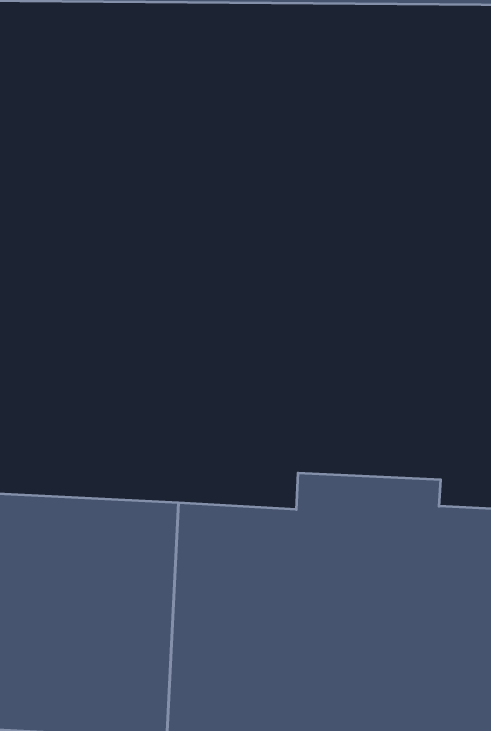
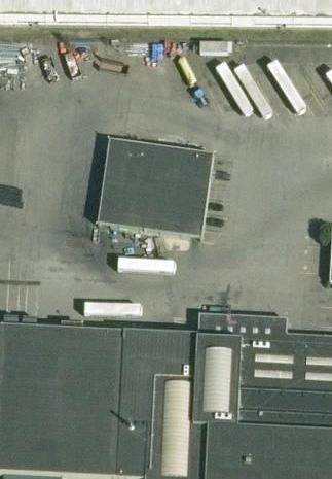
building: none -> [97,136,212,235]

